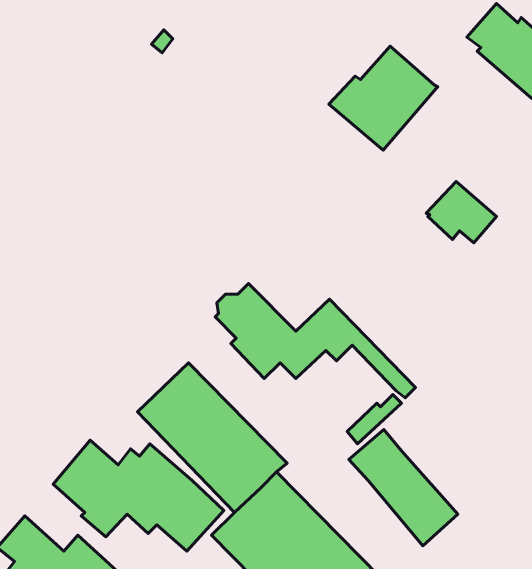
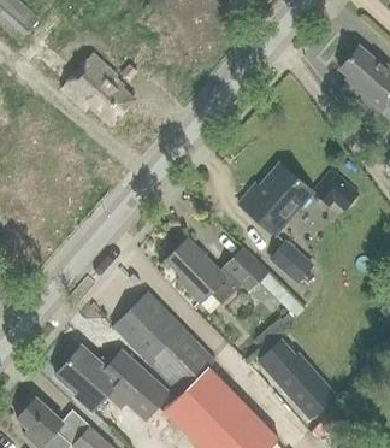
building: none -> [61,54,135,126]
building: [329,46,438,150] -> [238,164,313,235]
building: none -> [271,242,312,282]

